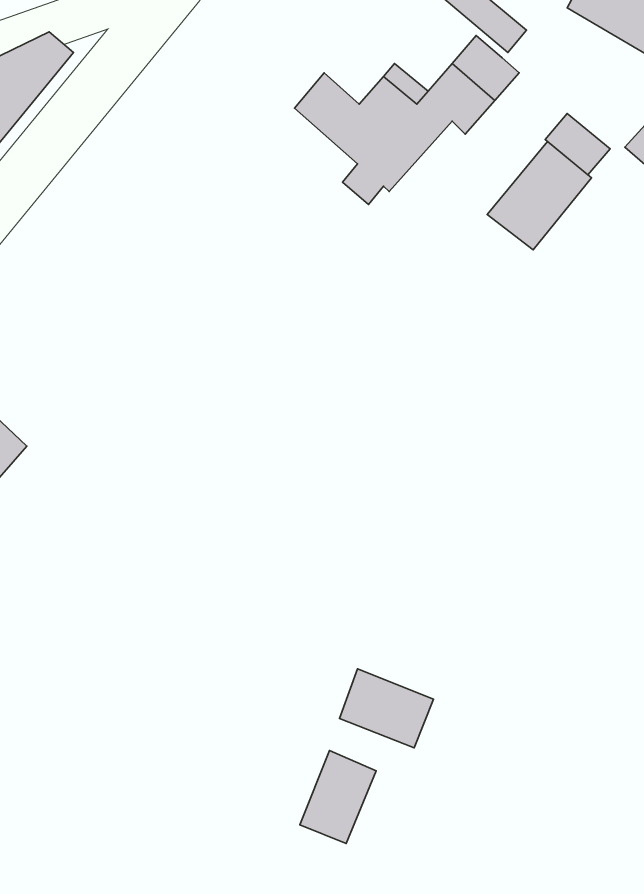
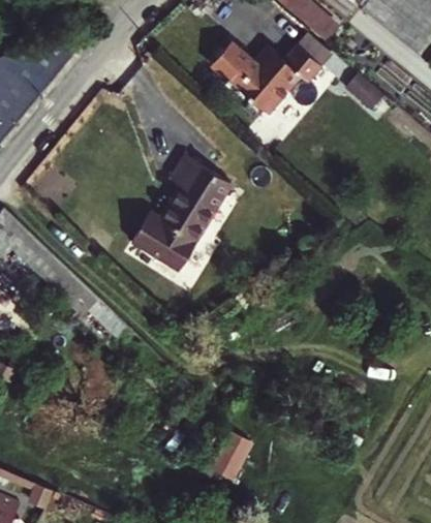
building: [487,142,591,250] -> none
building: none -> [131,157,237,273]
building: [339,669,434,748] -> none

